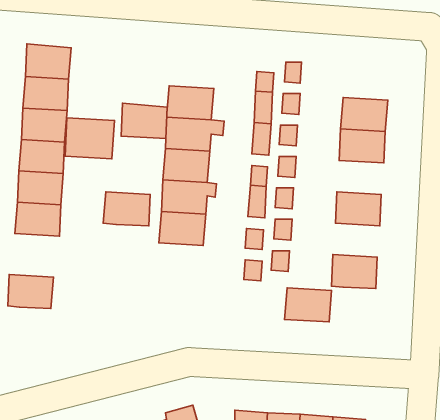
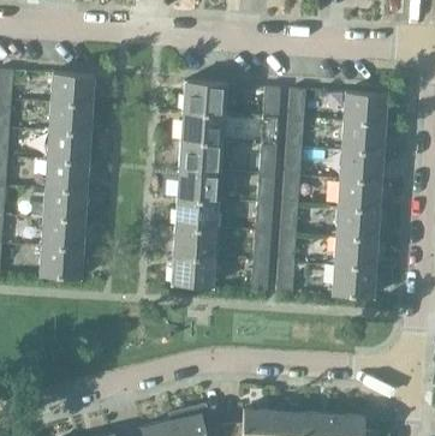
building: none -> [344,91,386,124]
building: [121,103,167,139] -> [184,80,226,113]
building: [65,118,115,159] -> none
building: none -> [338,179,381,210]
building: [103,192,150,226] -> [172,255,215,286]
building: [8,275,54,309] -> [41,246,83,277]
building: [285,288,332,322] -> [334,237,377,268]

